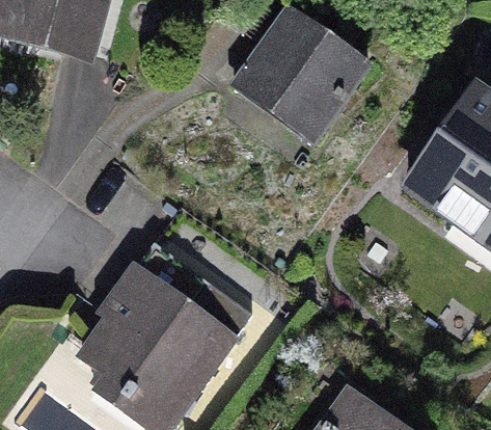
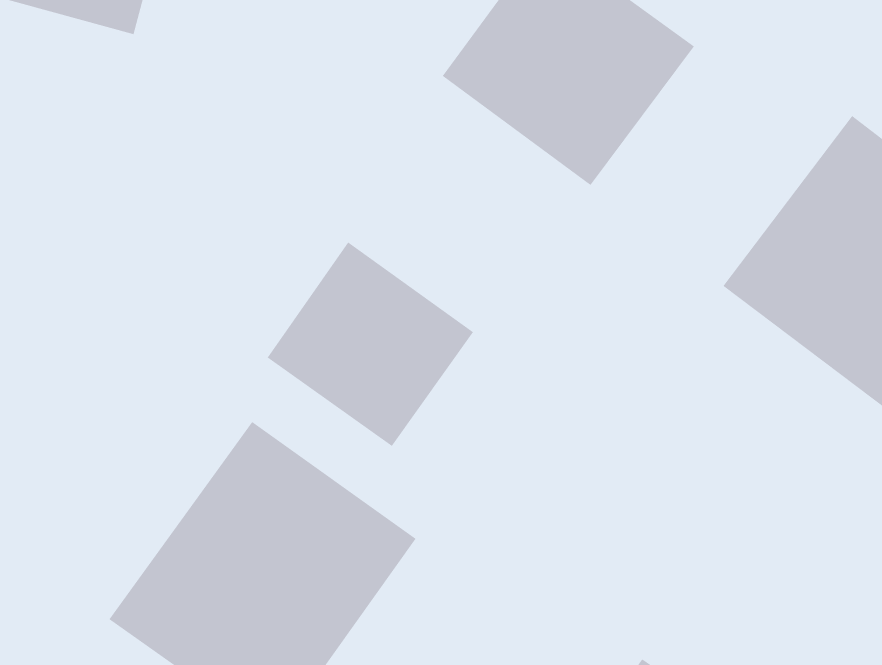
building: none -> [267,242,474,447]

